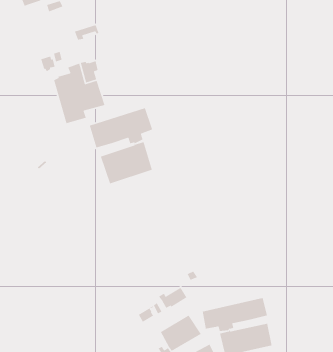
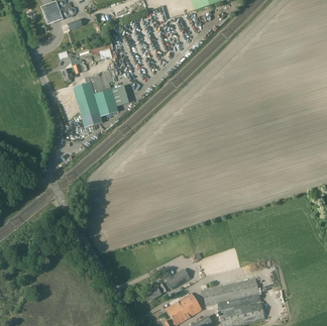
building: [89,107,153,184] -> none

